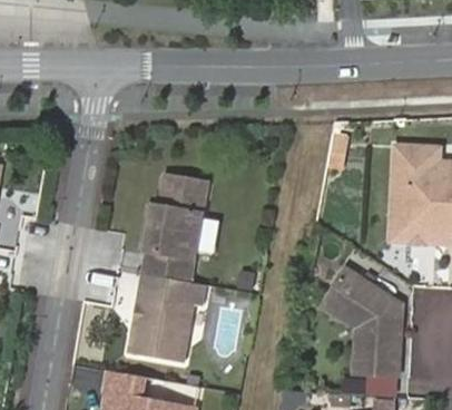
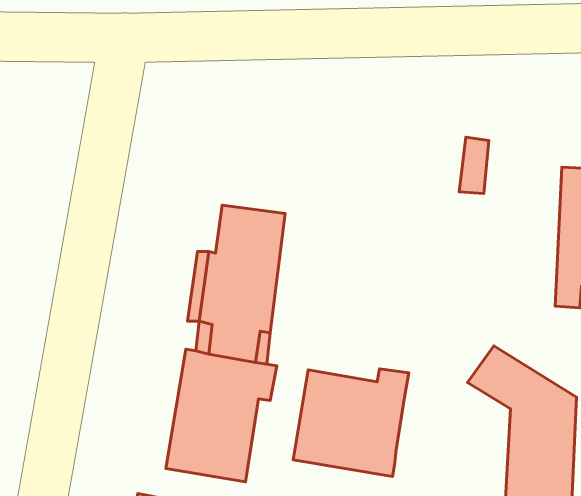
building: none -> [293,369,409,476]

